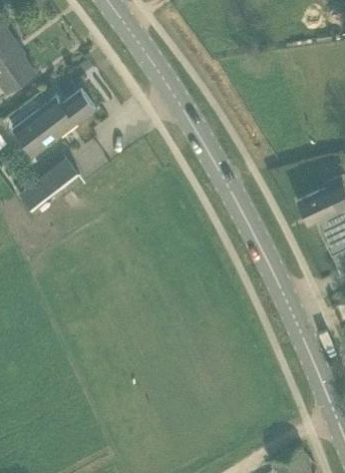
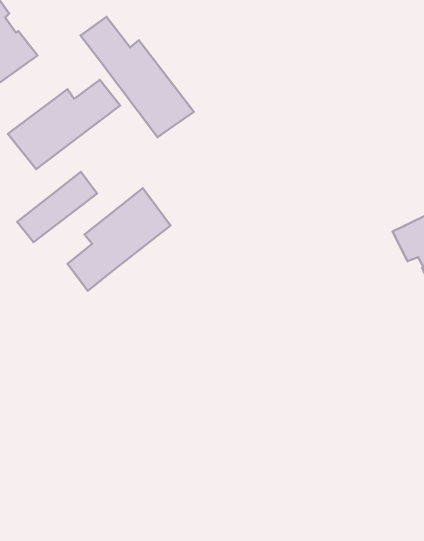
building: none -> [80,17,194,137]
building: none -> [67,188,171,291]

